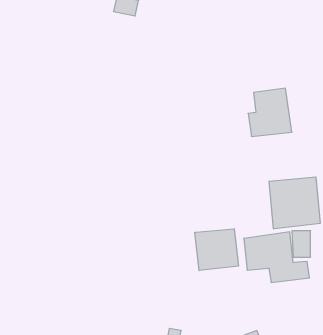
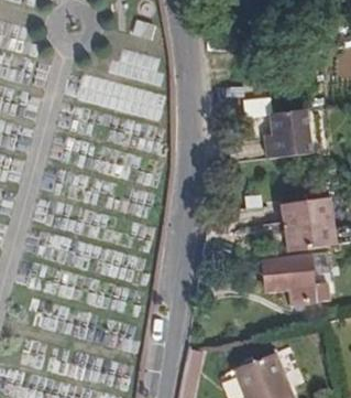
building: [195,229,238,271] -> none

